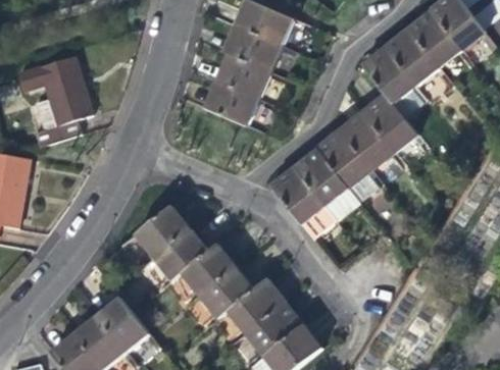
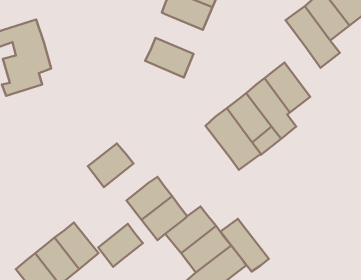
building: [213,53,268,99] -> none
building: [363,90,416,149] -> none
building: [153,226,205,276] -> [98,224,143,267]
building: none -> [220,219,269,272]

